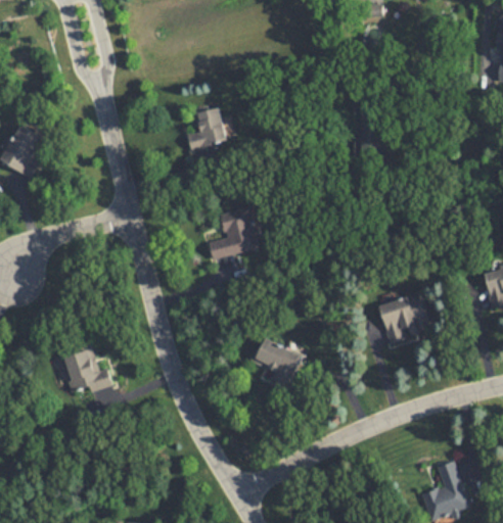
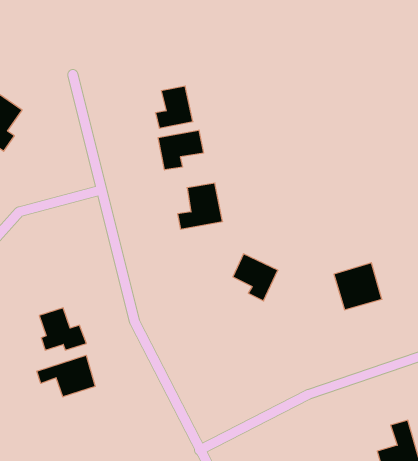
building: none -> [158,130,203,170]
building: [253,339,301,389] -> [233,254,278,301]
building: none -> [37,355,95,397]

